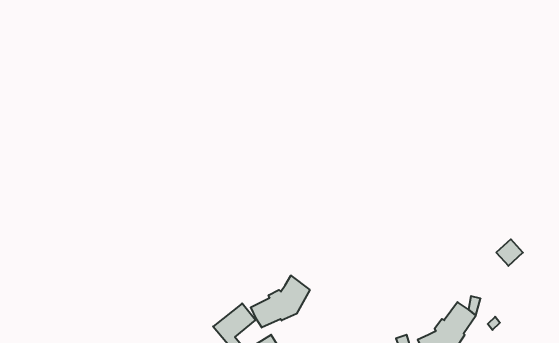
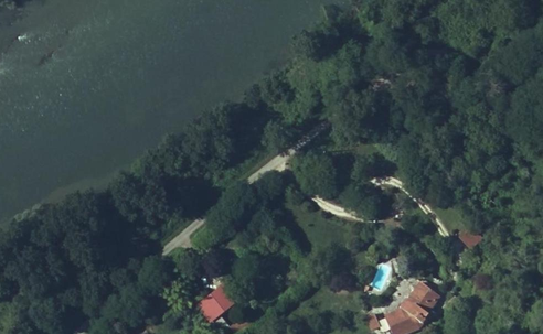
building: [251,275,310,328] -> none

